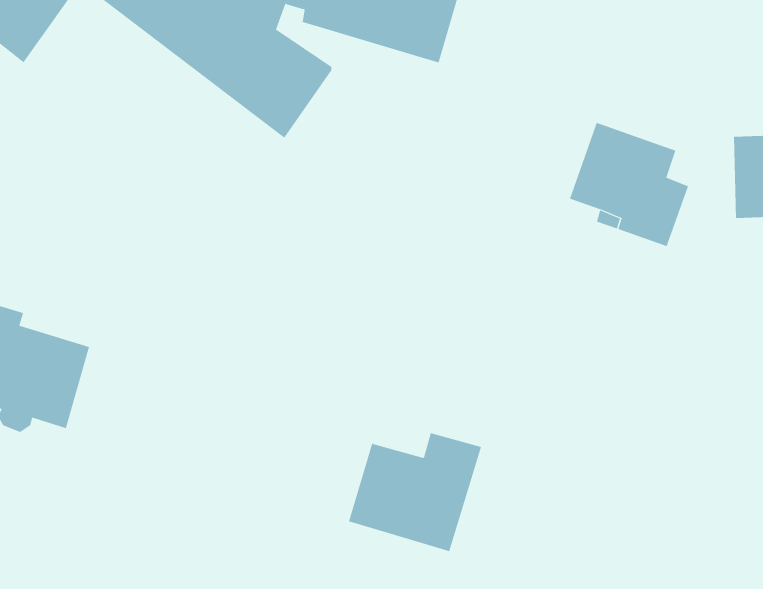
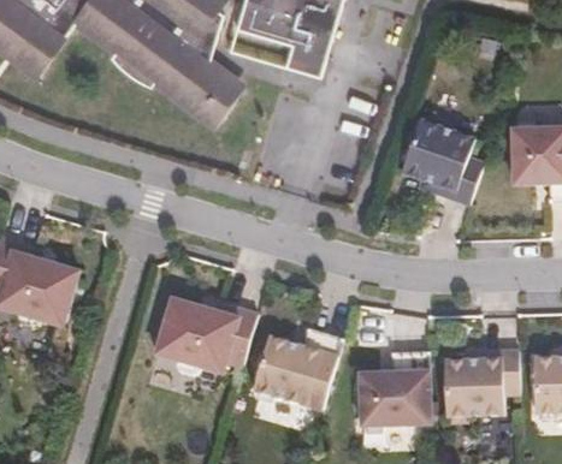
building: none -> [155,296,258,374]
building: none -> [444,347,519,414]
building: none -> [359,350,431,424]

